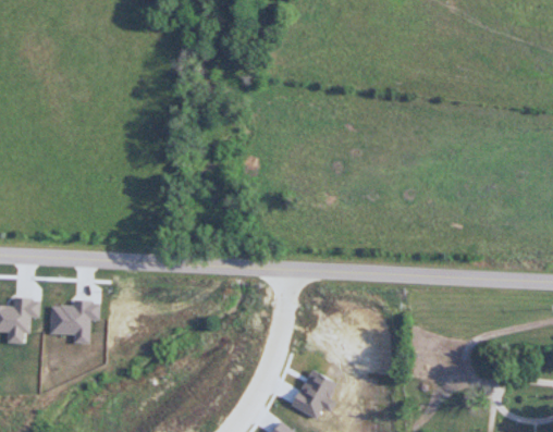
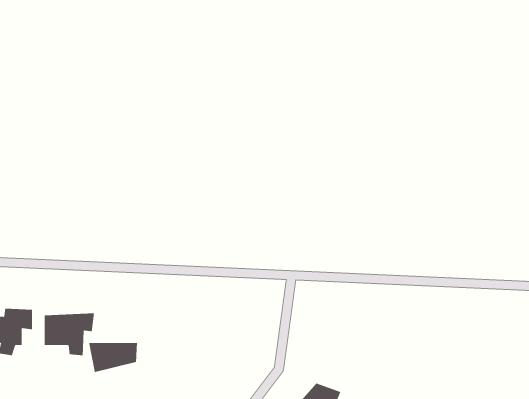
building: none -> [88,342,138,373]

